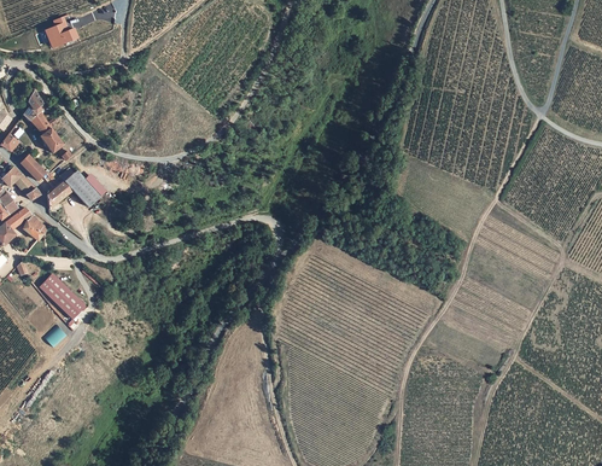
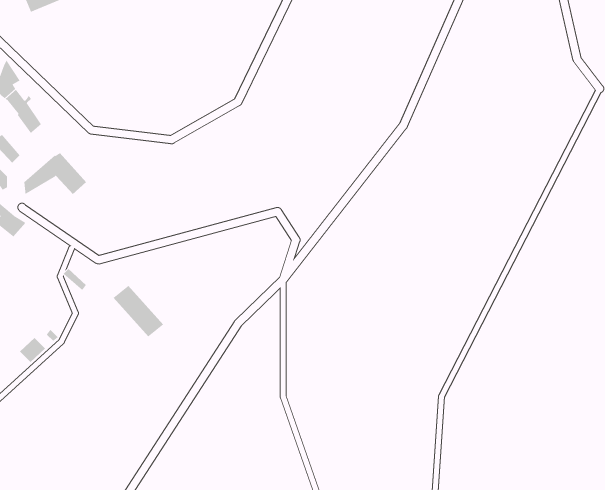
building: [37,272,81,316] -> [113,285,164,337]

